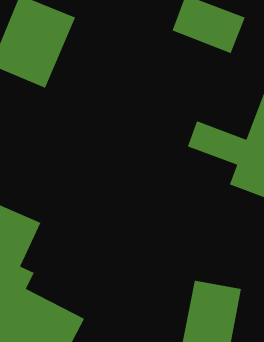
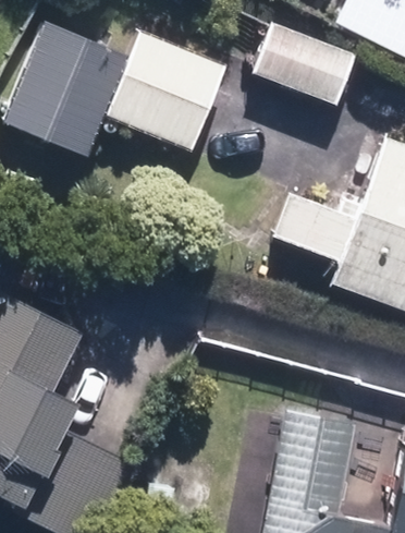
building: none -> [108,36,223,150]

